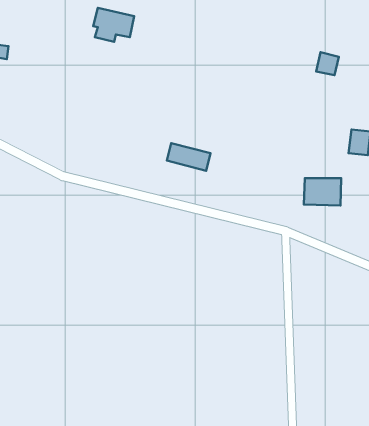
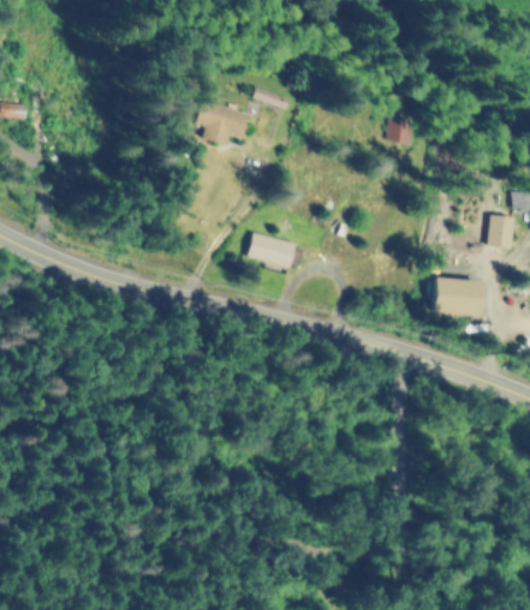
building: [93,8,134,42] -> [201,101,255,145]
building: [316,52,339,75] -> [391,114,421,144]

